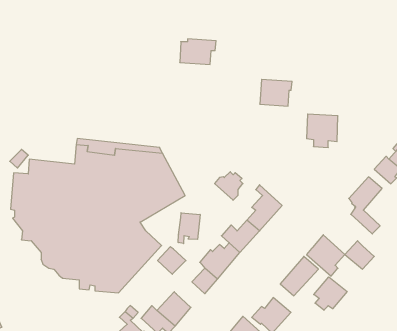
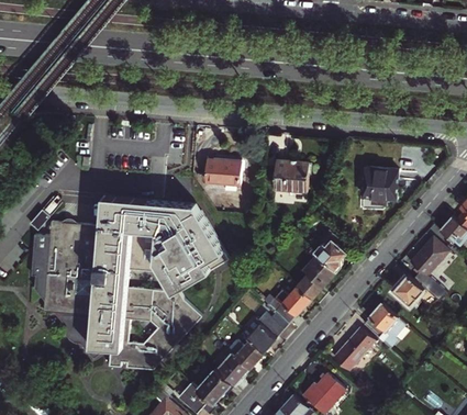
building: [180,39,216,64] -> [205,158,246,187]
building: [260,79,292,106] -> [274,162,310,192]
building: [215,172,243,200] -> [314,239,346,271]
building: [178,213,200,244] -> none
building: [345,241,374,269] -> [392,276,425,307]
building: [158,247,186,274] -> [216,355,248,385]
building: [314,277,347,310] -> none

